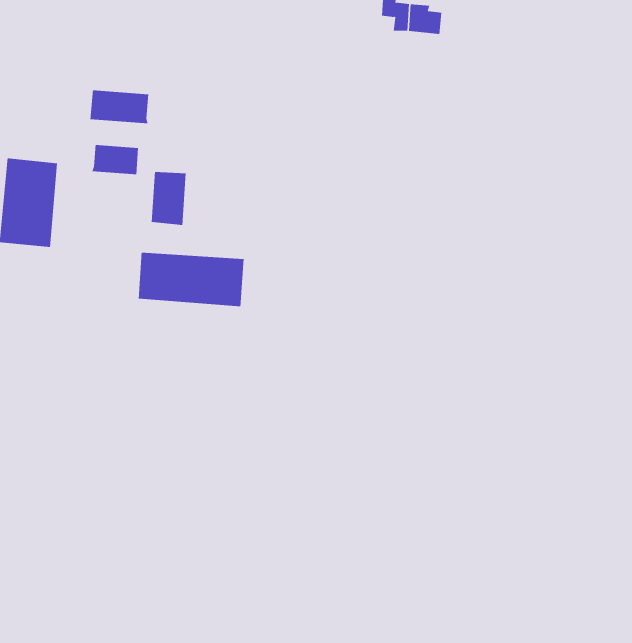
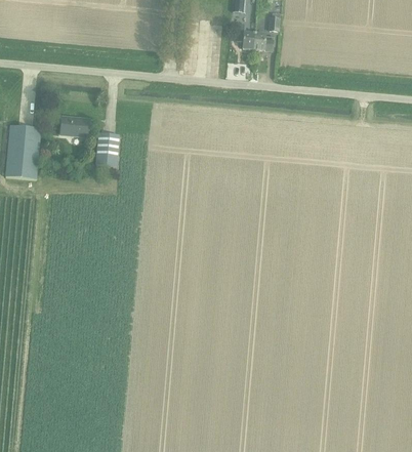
building: [90,90,149,124] -> none
building: [138,252,244,307] -> none

